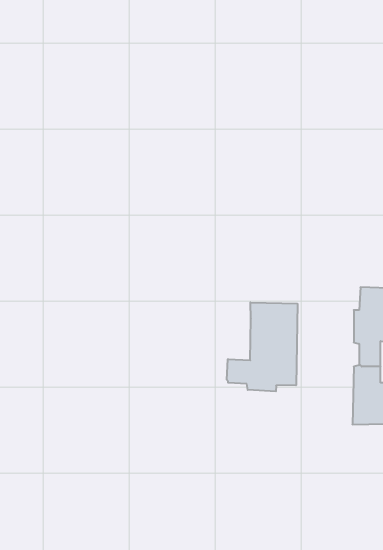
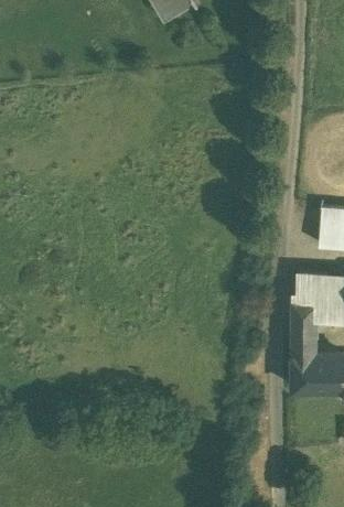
building: [227,302,297,391] -> none

